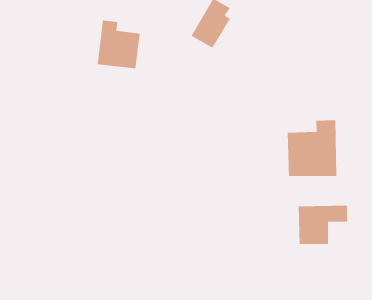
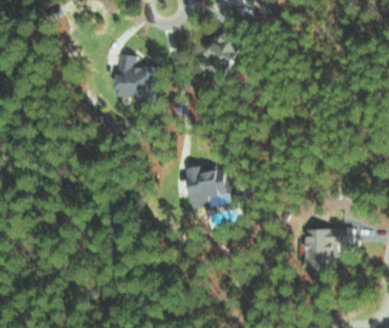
building: [287,119,337,177] -> none
building: none -> [186,165,229,209]

